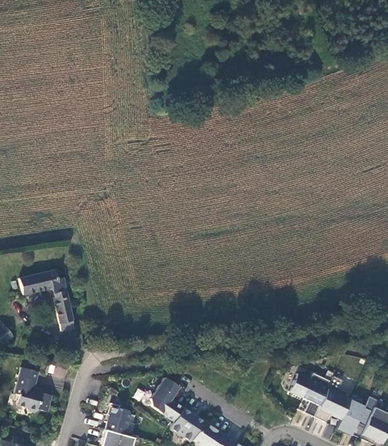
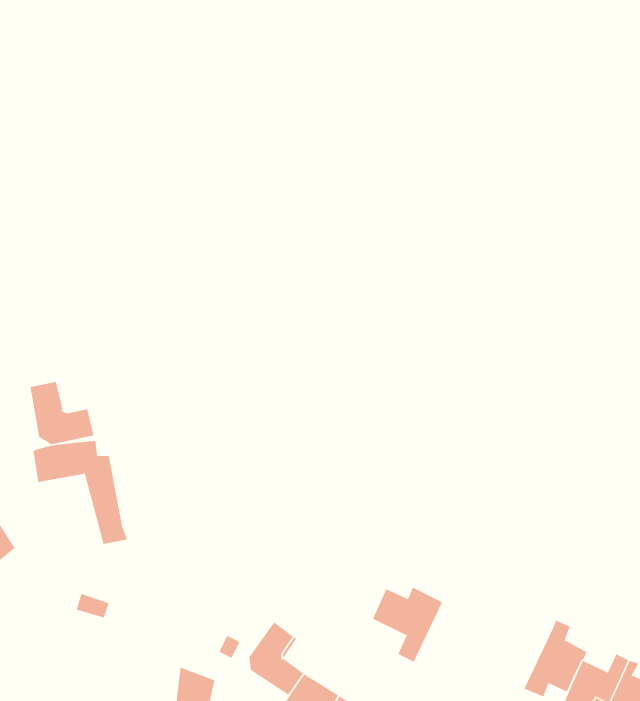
building: none -> [30,381,94,445]
building: [14,366,51,411] -> none
building: [290,373,332,418] -> [372,587,443,662]

